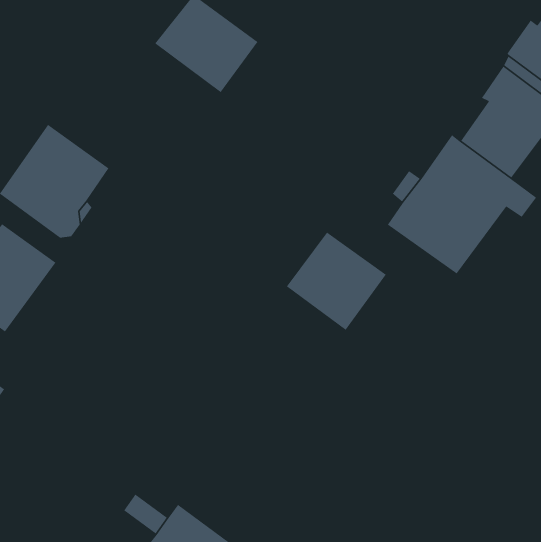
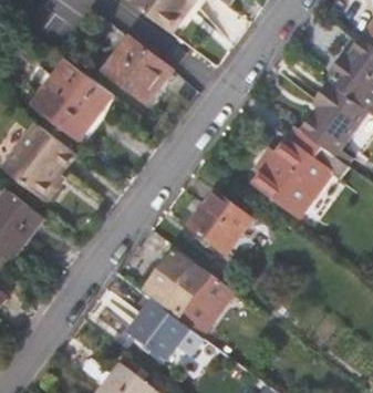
building: none -> [34,61,114,141]
building: none -> [147,252,234,332]
building: none -> [128,301,201,361]

